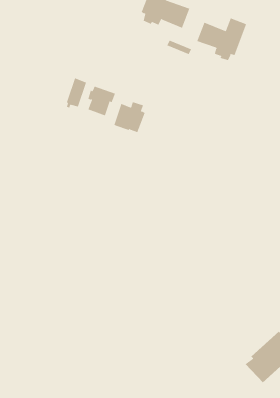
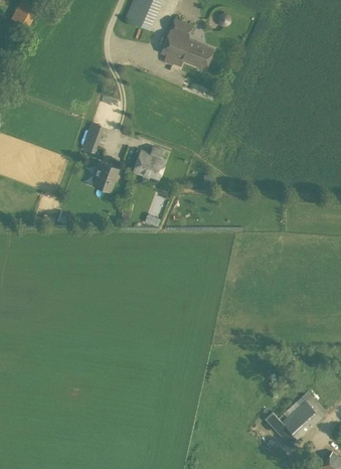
building: [197,17,247,61] -> none
building: [87,86,116,116] -> [92,160,122,192]

